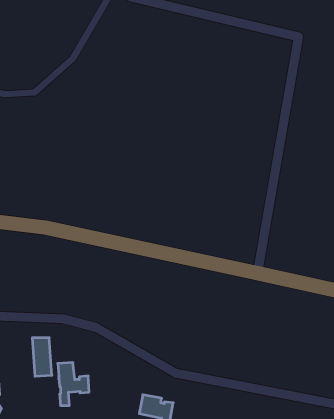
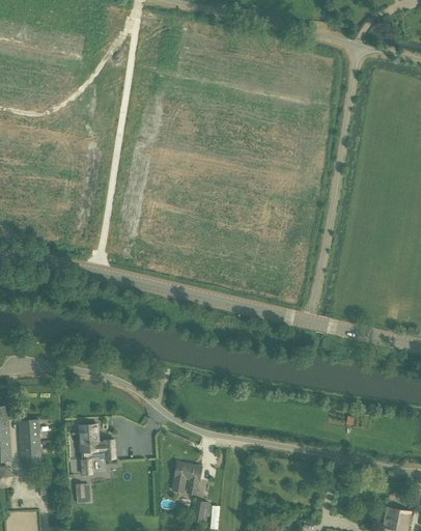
building: [32,338,52,376] -> [19,421,41,466]

